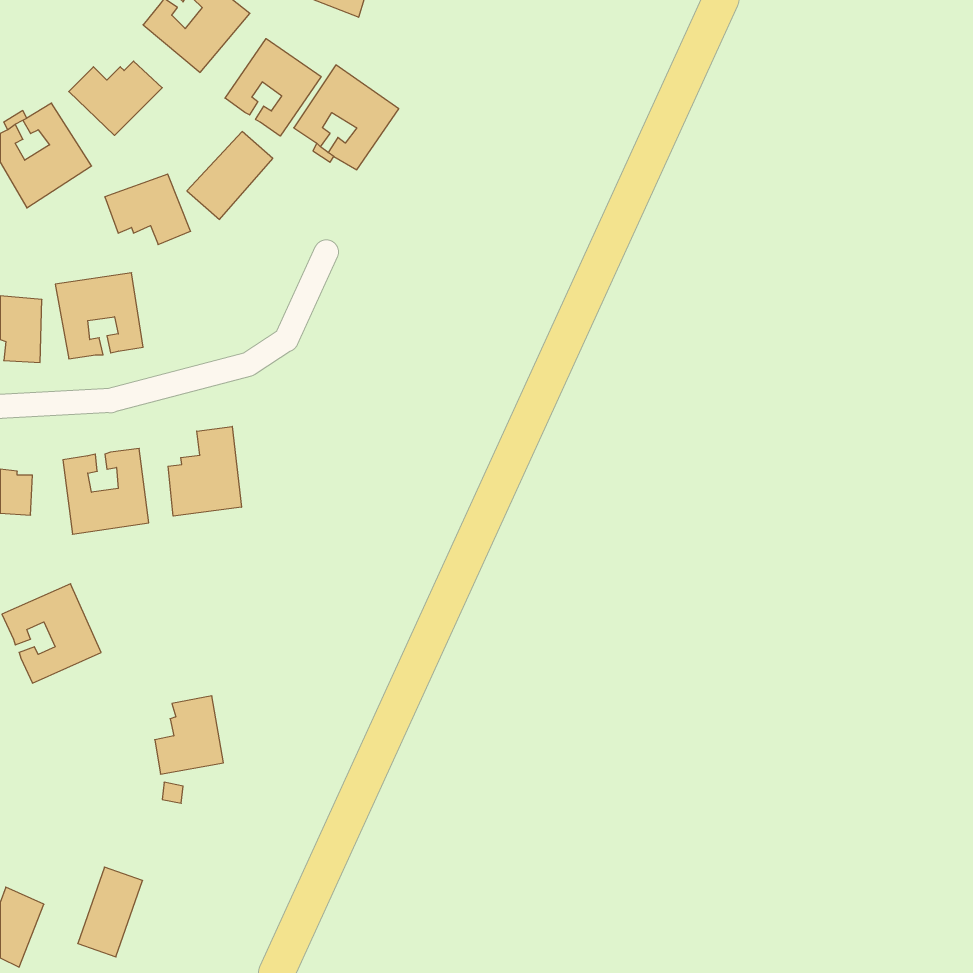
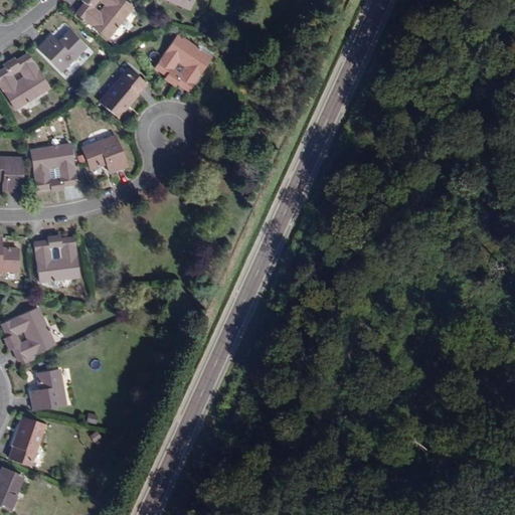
building: [225,39,321,136] -> none
building: [105,174,191,245] -> [82,136,128,173]
building: [168,426,241,516] -> none
building: [155,696,223,774] -> [30,369,66,410]
building: [78,867,143,957] -> [10,417,44,465]

